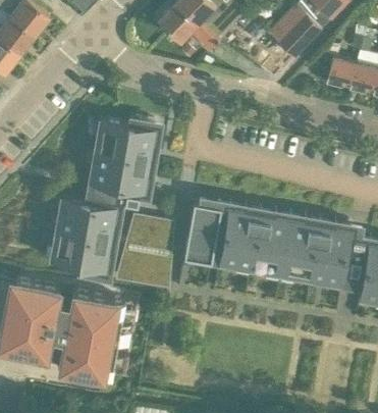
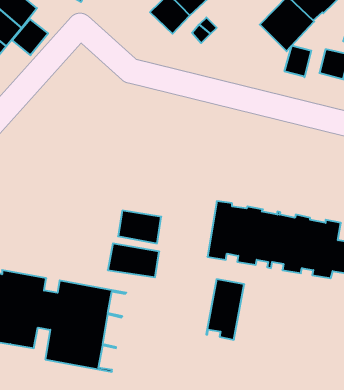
building: none -> [12,19,48,55]
building: none -> [285,46,311,77]
building: [49,120,154,271] -> none
building: [182,204,220,264] -> [206,279,244,340]

